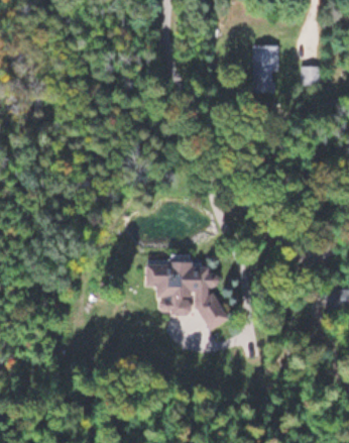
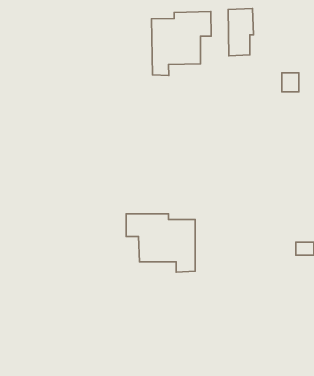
building: none -> [151,12,211,76]
building: [303,66,321,86] -> [282,73,299,92]

